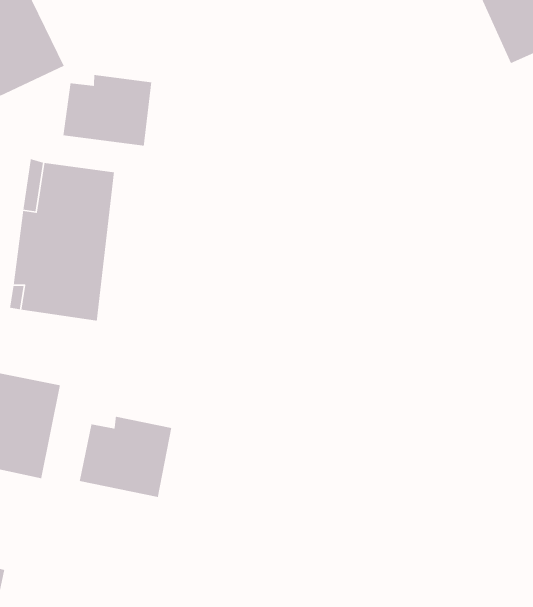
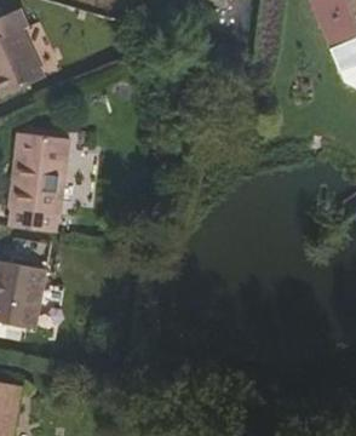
building: [63,74,152,146] -> none
building: [79,416,172,498] -> none

